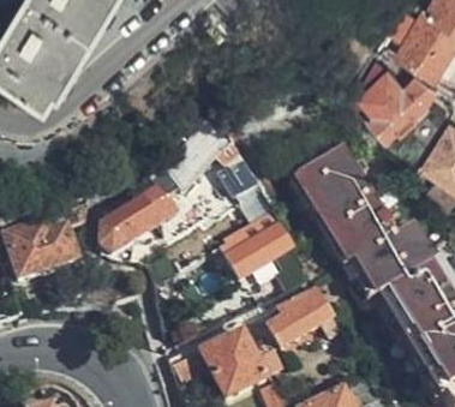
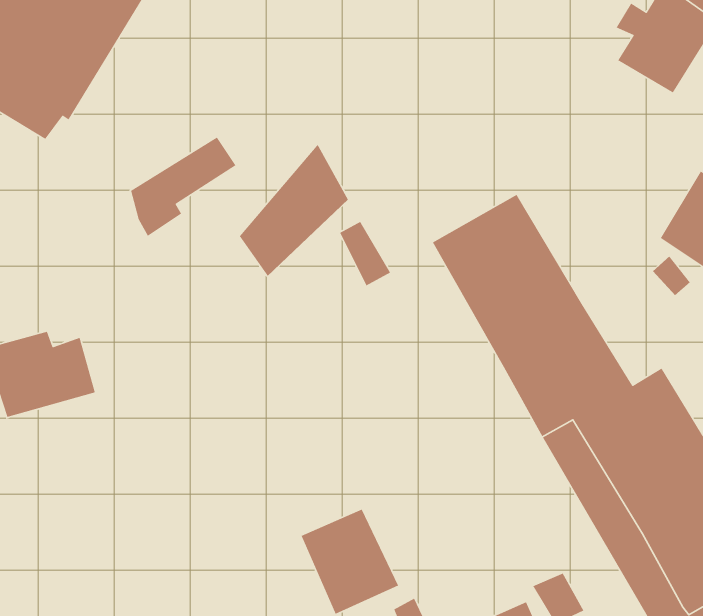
building: [361,70,438,137] -> none
building: [103,191,169,253] -> [130,137,236,237]
building: [228,210,299,279] -> none
building: [269,287,340,346] -> none

